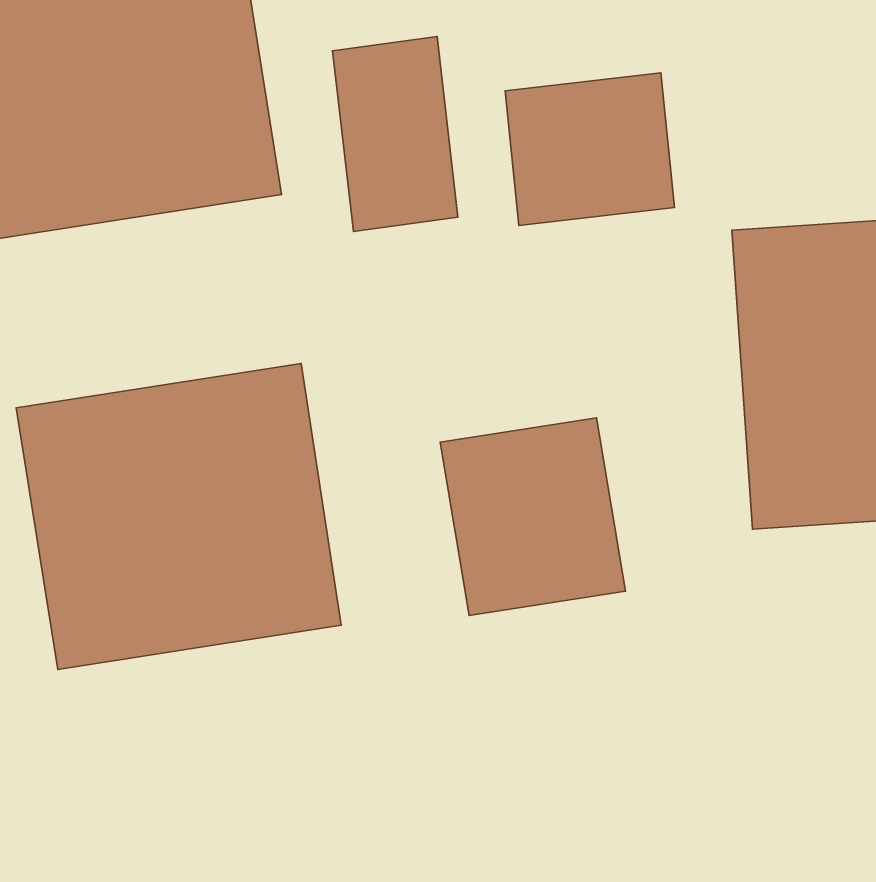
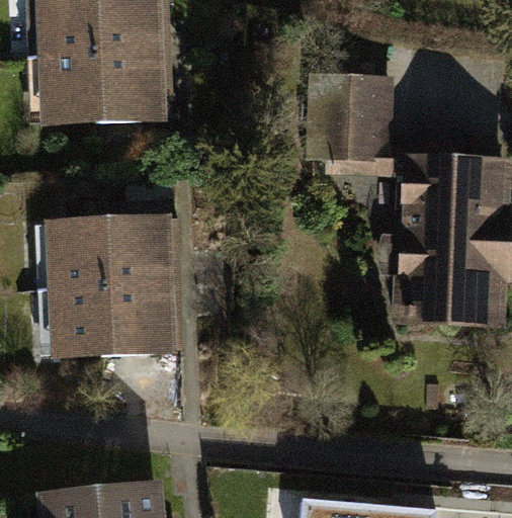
building: [333,37,458,231] -> none
building: [440,418,626,615] -> none

